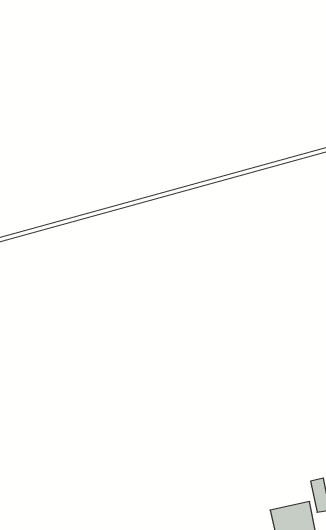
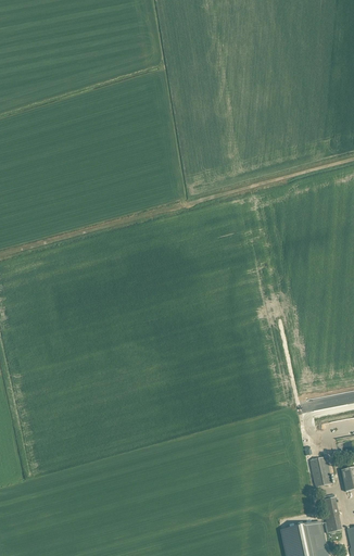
building: none -> [308,457,330,488]

